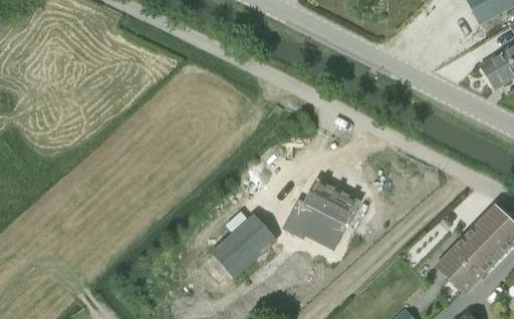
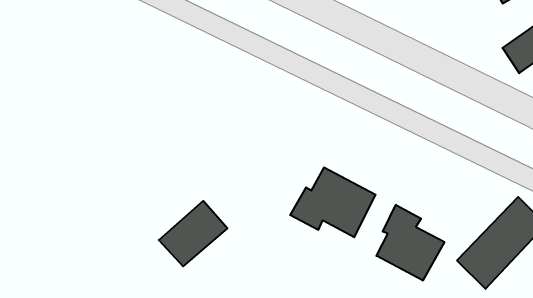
building: none -> [376,205,444,281]
building: [212,215,277,277] -> [159,201,227,266]

